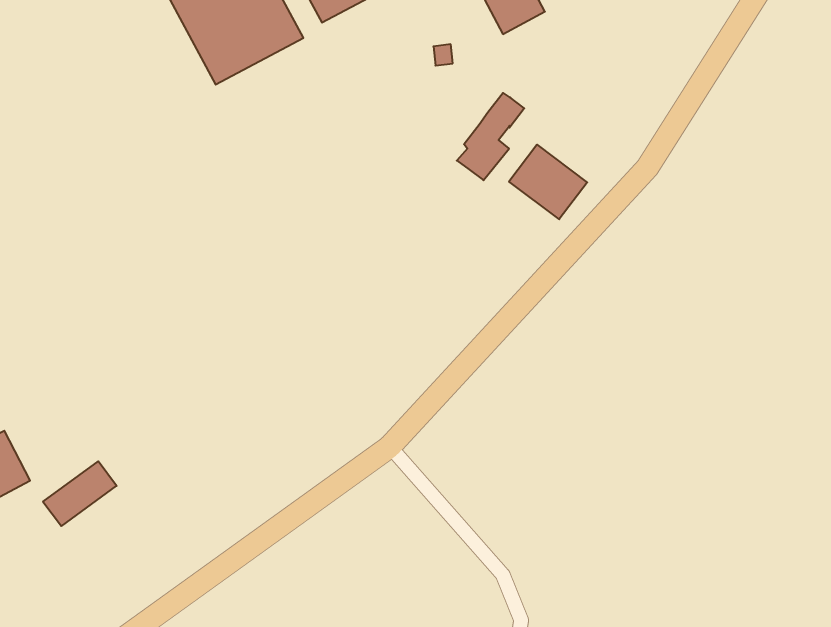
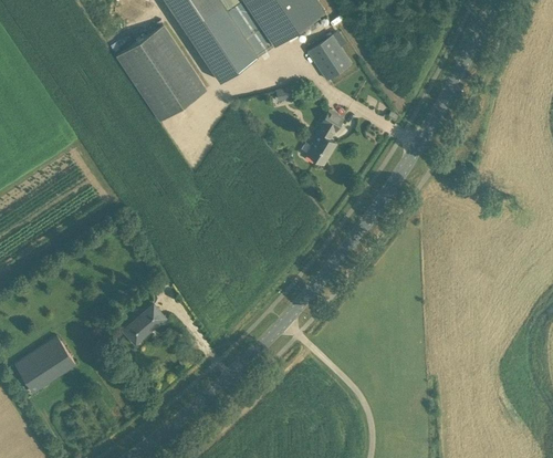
building: [509,145,587,219] -> none
building: [43,461,117,526] -> [123,305,165,345]

